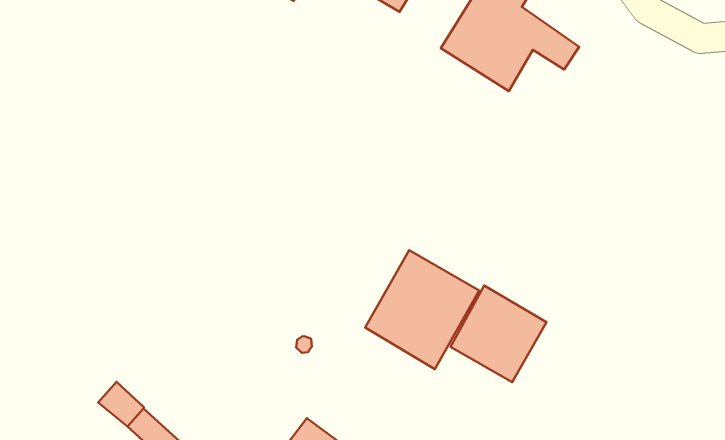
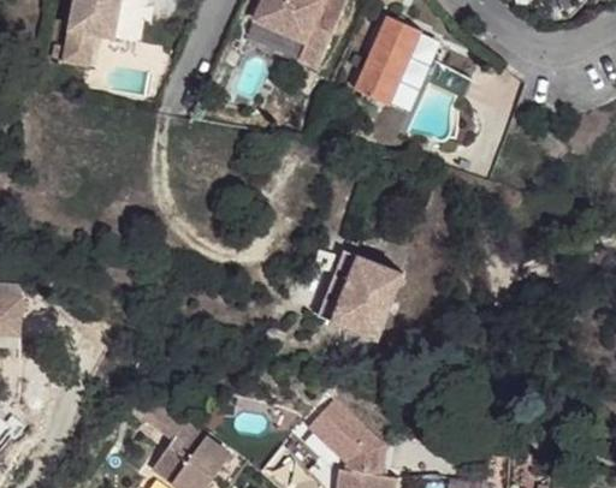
building: [451,286,547,382] -> none

